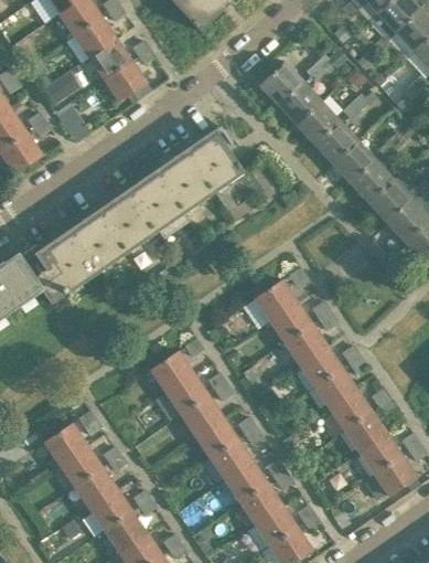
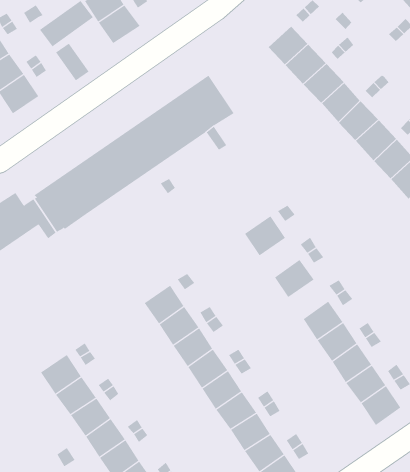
building: [258,60,301,103] -> none
building: [268,300,310,341] -> none
building: [298,343,340,384] -> none

